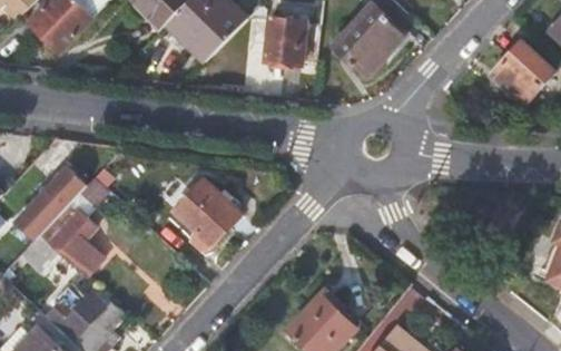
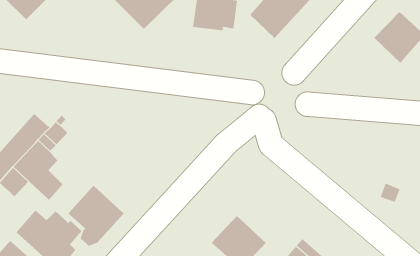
building: [170,177,242,254] -> [67,185,125,246]

